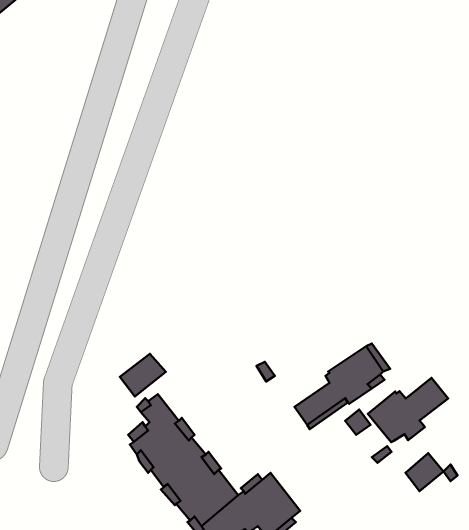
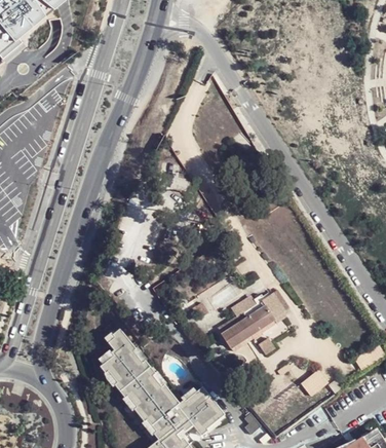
building: [120,354,166,396] -> none
building: [368,378,448,442] -> none

